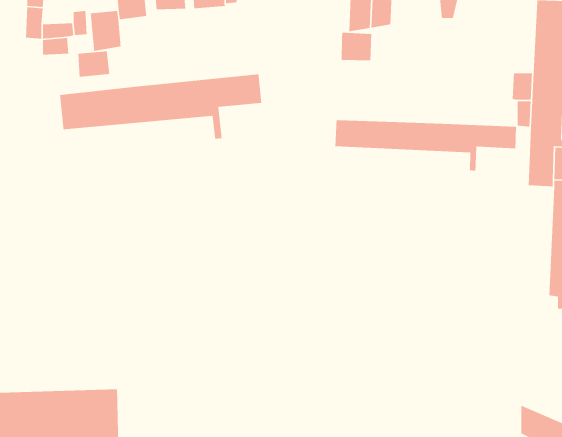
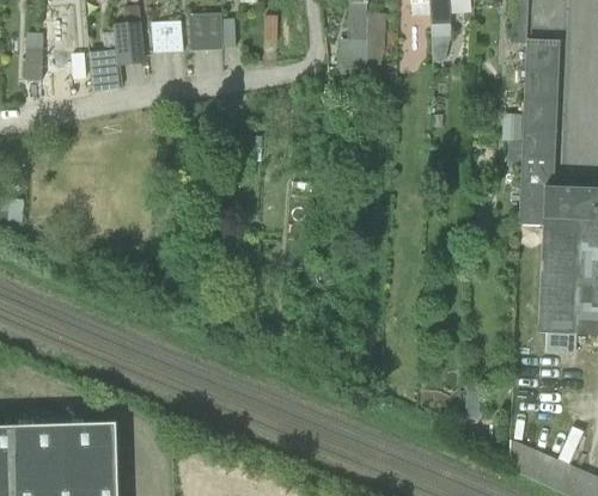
building: [341,32,372,61] -> none
building: [77,50,110,77] -> none
building: [59,74,262,139] -> none
building: [335,119,517,171] -> none

